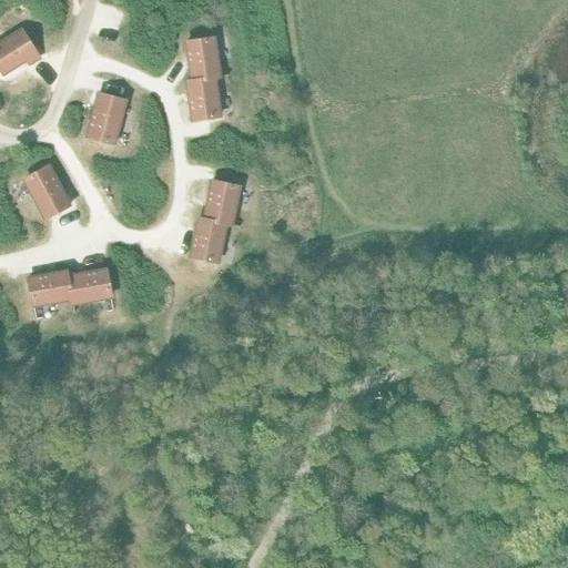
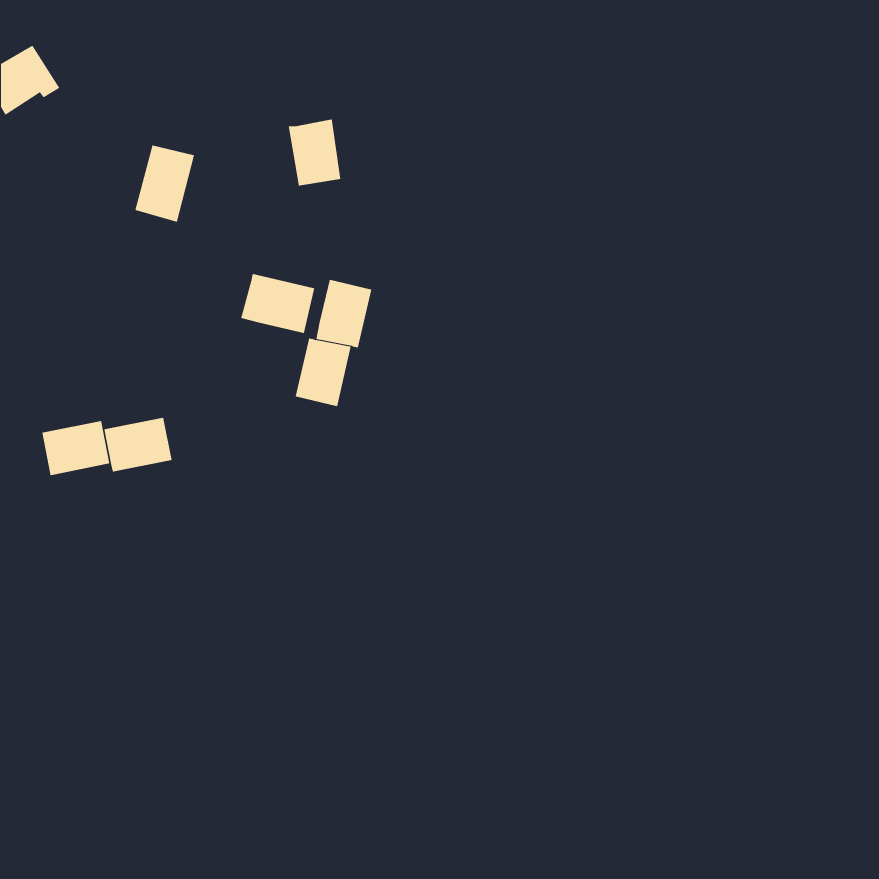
building: [186,38,221,81] -> none
building: [24,165,71,217] -> none
building: none -> [240,273,315,334]

